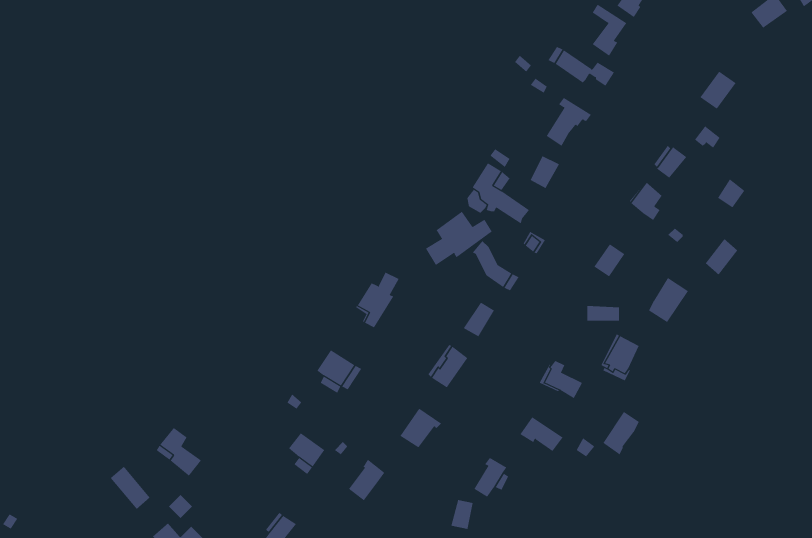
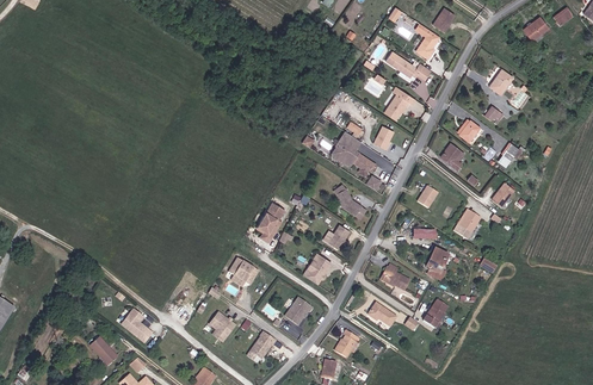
building: [425,211,493,266] -> none

